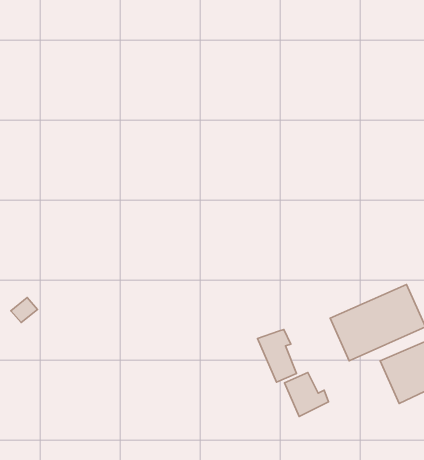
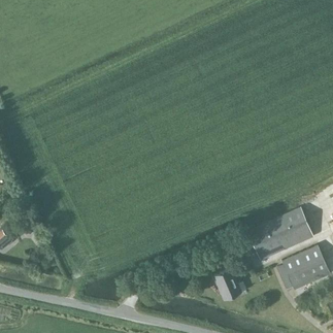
building: [257,329,297,382] -> none

